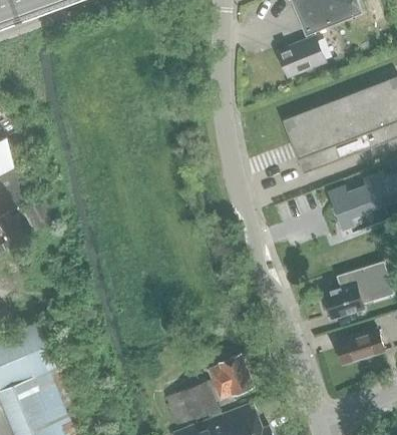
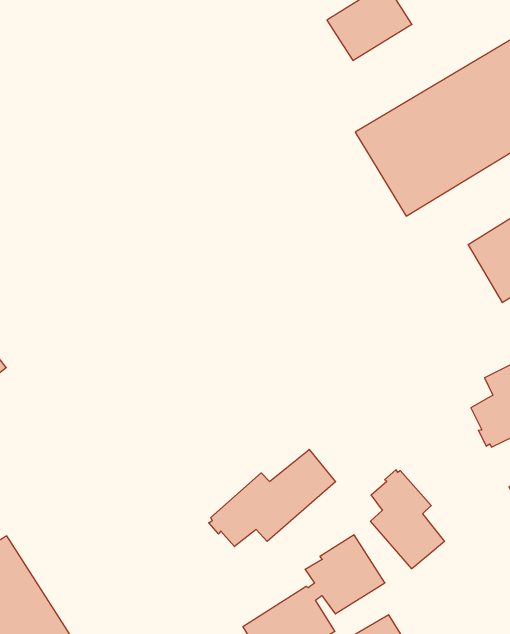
building: none -> [209,449,336,547]
building: none -> [370,470,444,569]

